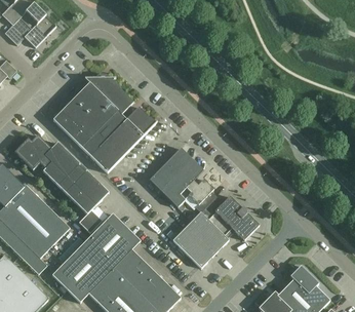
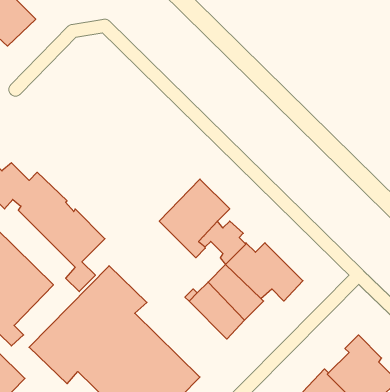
building: [52,73,157,171] -> none

